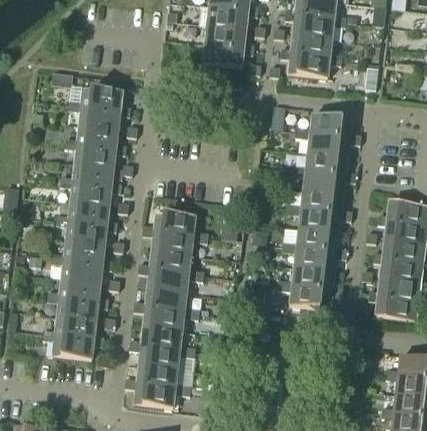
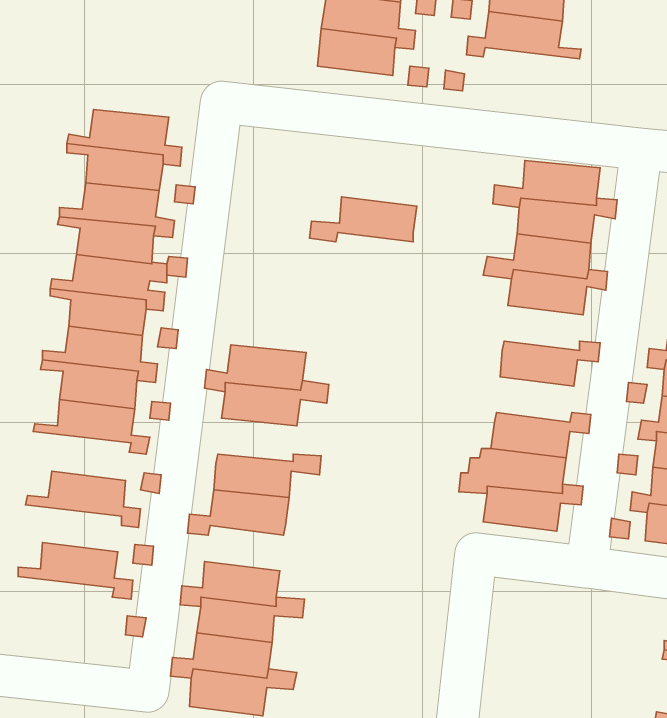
building: [289,53,341,78] -> none
building: [286,190,343,214] -> [310,197,417,242]
building: [281,228,338,252] -> none
building: [137,250,191,274] -> none
building: [51,257,103,283] -> none
building: [46,296,98,321] -> none
building: [142,307,199,331] -> none
building: [42,334,94,360] -> none

